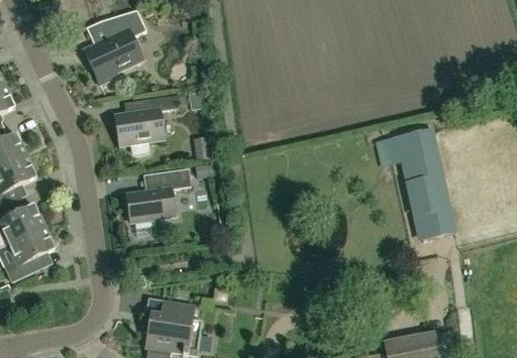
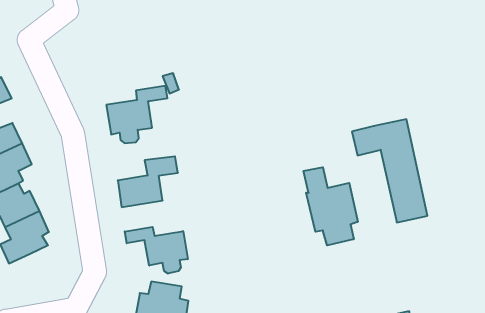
building: [83,9,145,83] -> none
building: none -> [304,167,358,245]
building: none -> [125,227,188,274]

